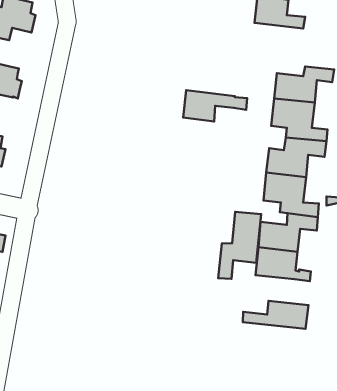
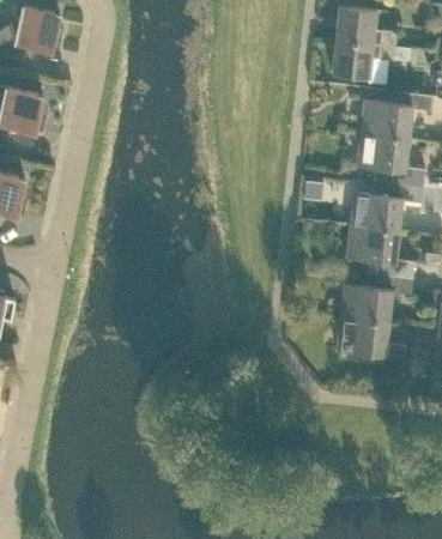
building: [183,90,247,121] -> [331,38,410,77]
building: [218,212,261,279] -> none
building: [243,301,309,329] -> none

